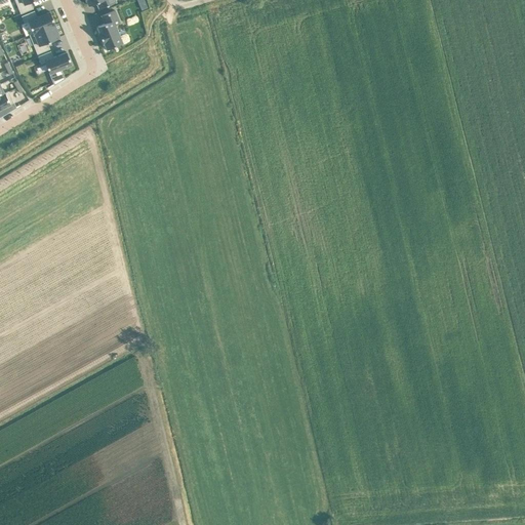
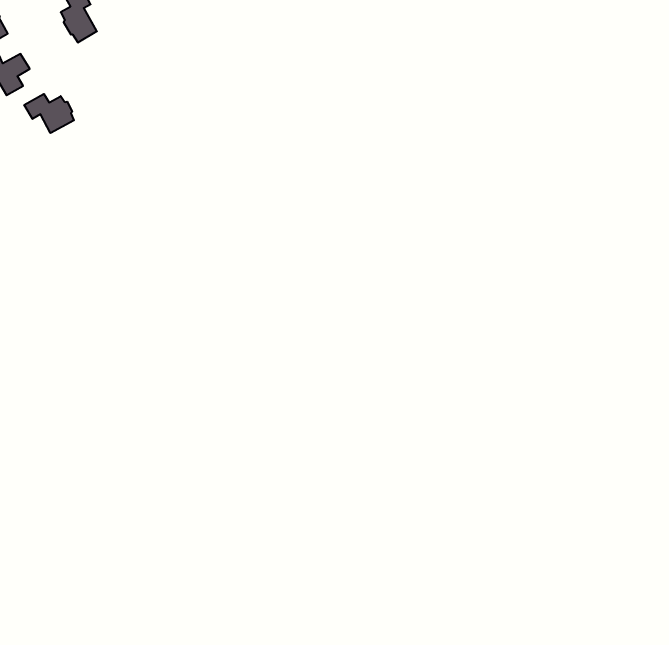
building: none -> [24,94,74,133]

